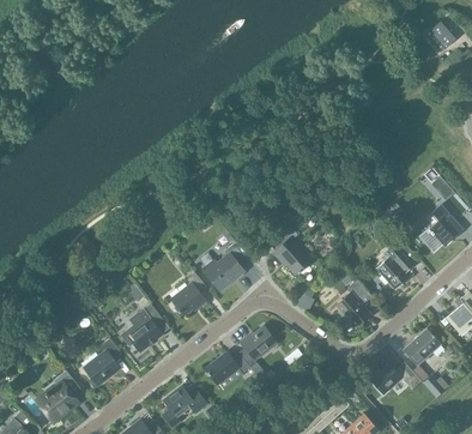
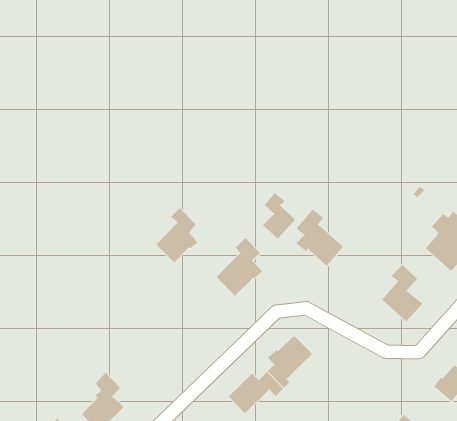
building: none -> [262,192,296,239]
building: [171,272,206,317] -> [155,207,199,263]
building: [121,303,163,351] -> none

